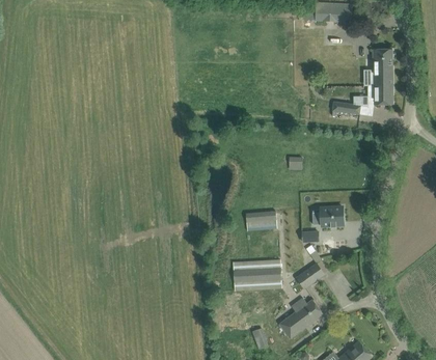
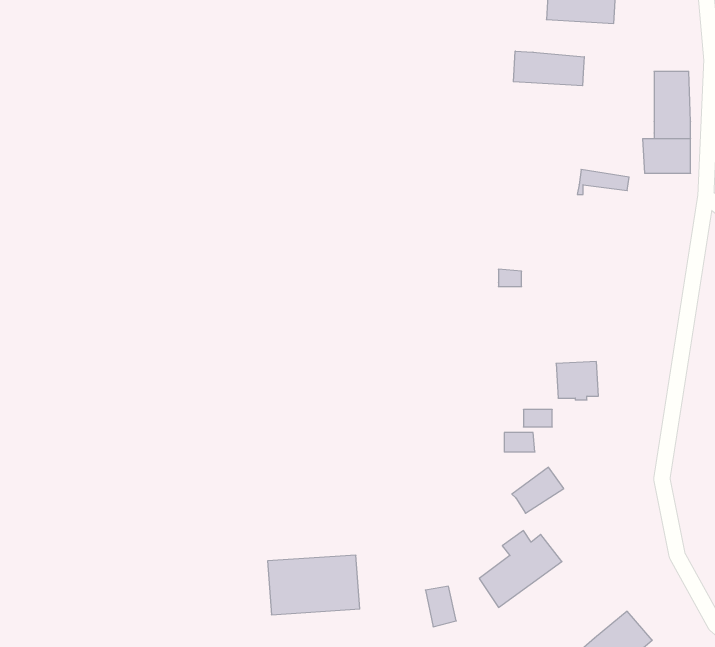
building: none -> [513,51,584,86]
building: [246,209,277,228] -> none
building: [233,258,282,290] -> [268,555,360,615]

